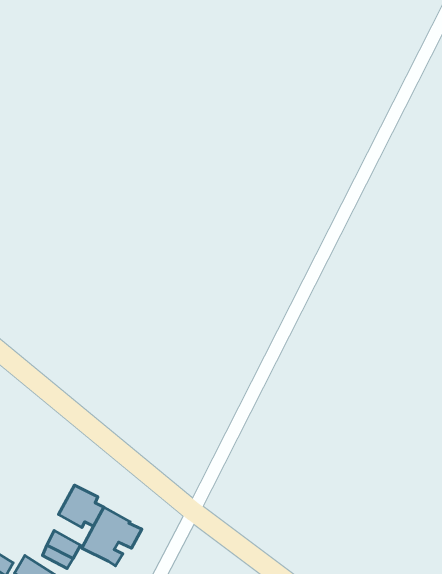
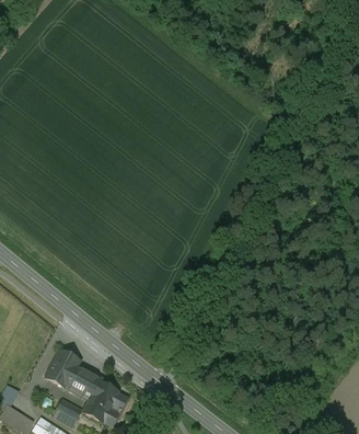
building: none -> [45,350,79,387]

